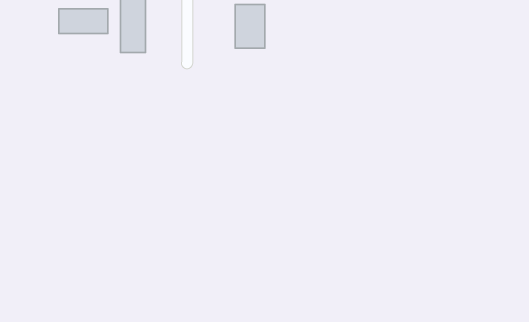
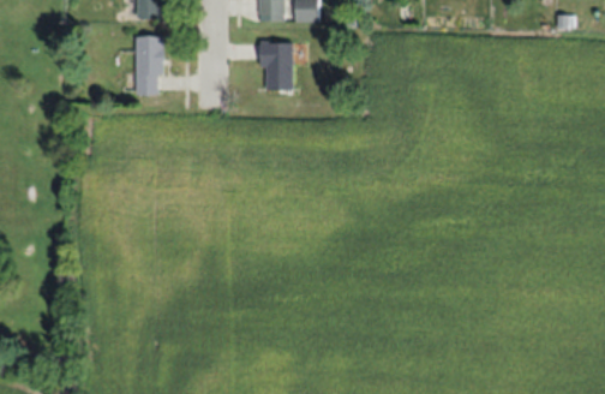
building: [59,9,108,34] -> none

